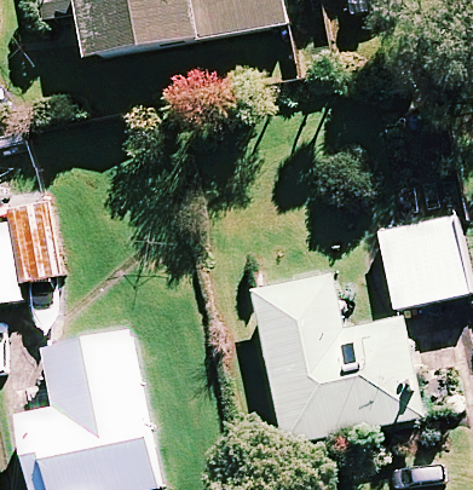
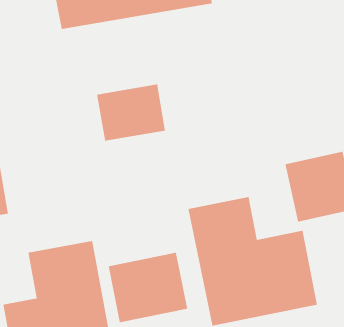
building: none -> [96,83,166,142]
building: none -> [108,252,188,323]

